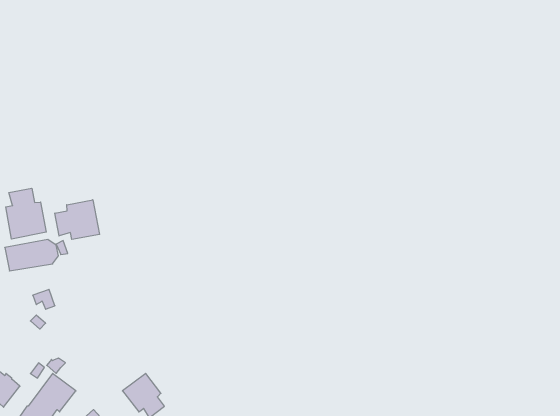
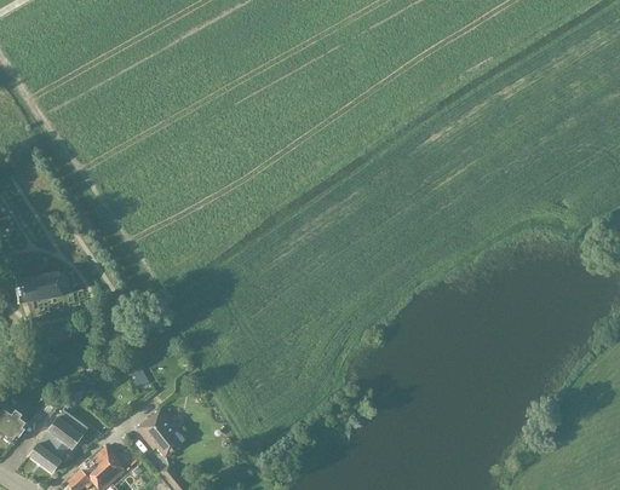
building: [6,188,46,239] -> none
building: [55,200,100,239] -> none

